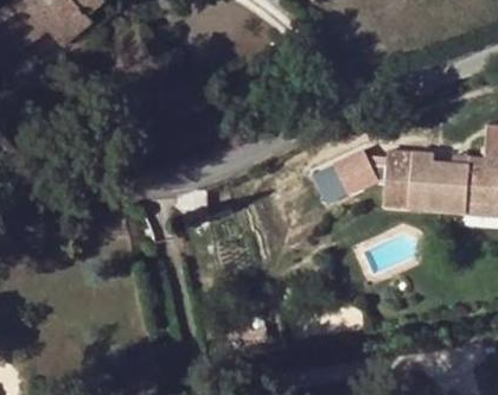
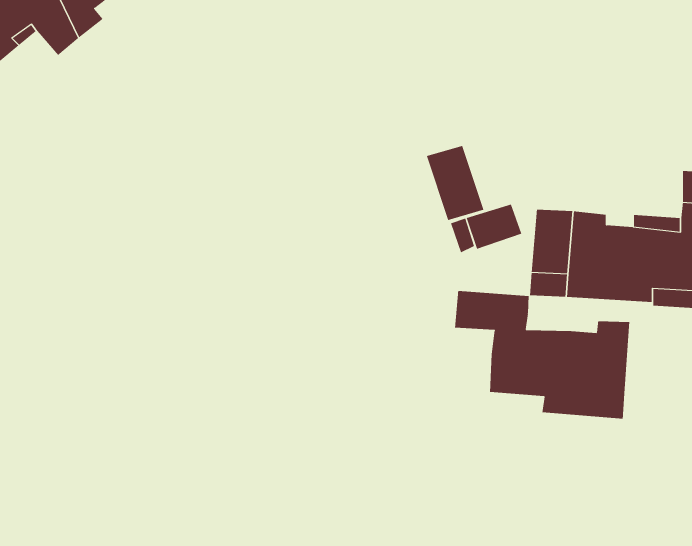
building: none -> [426,145,484,221]
building: none -> [454,290,630,420]

